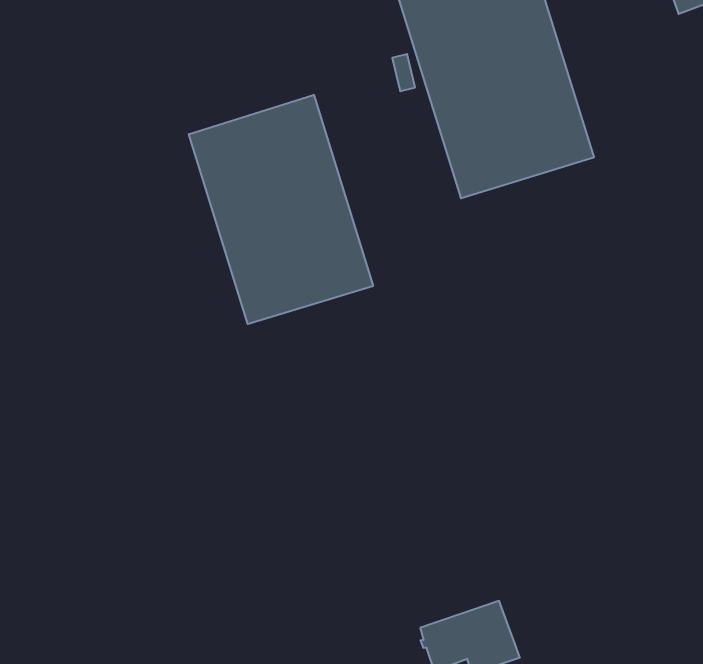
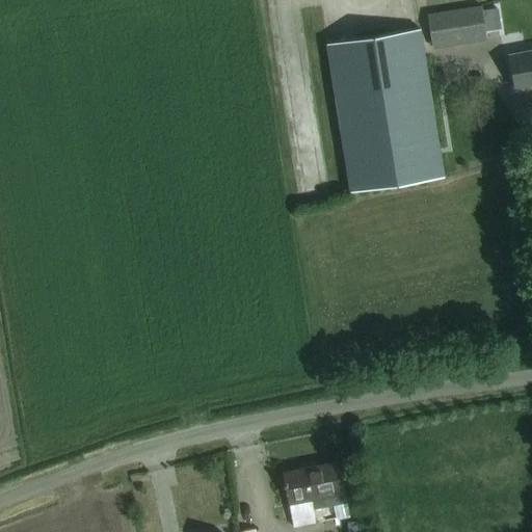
building: [189,95,373,324] -> none

